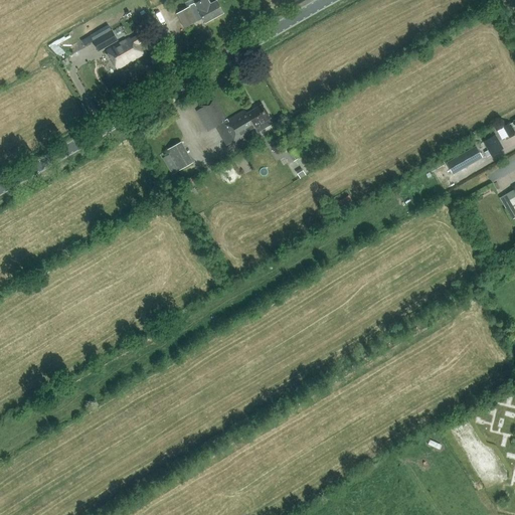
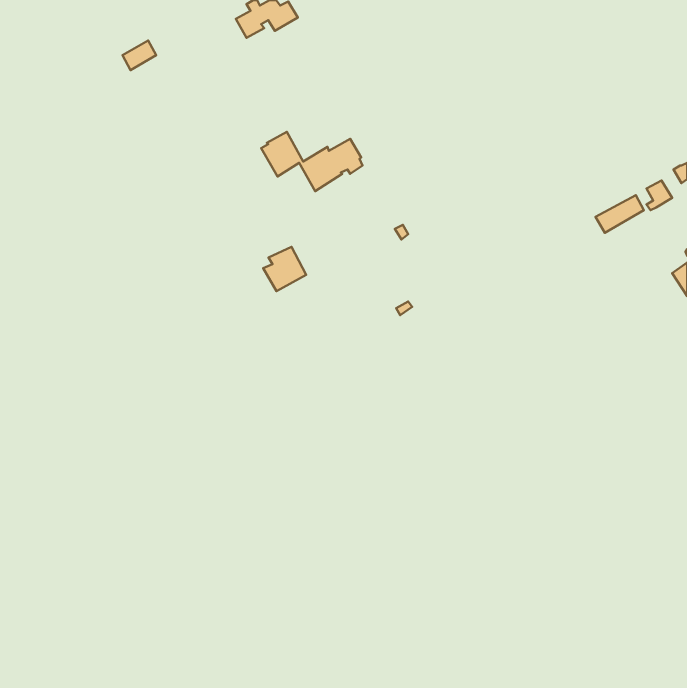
building: [106,36,143,69] -> none
building: [164,141,196,174] -> [263,247,306,291]

